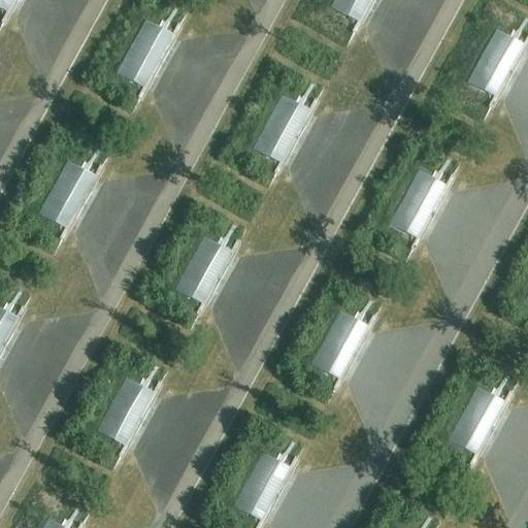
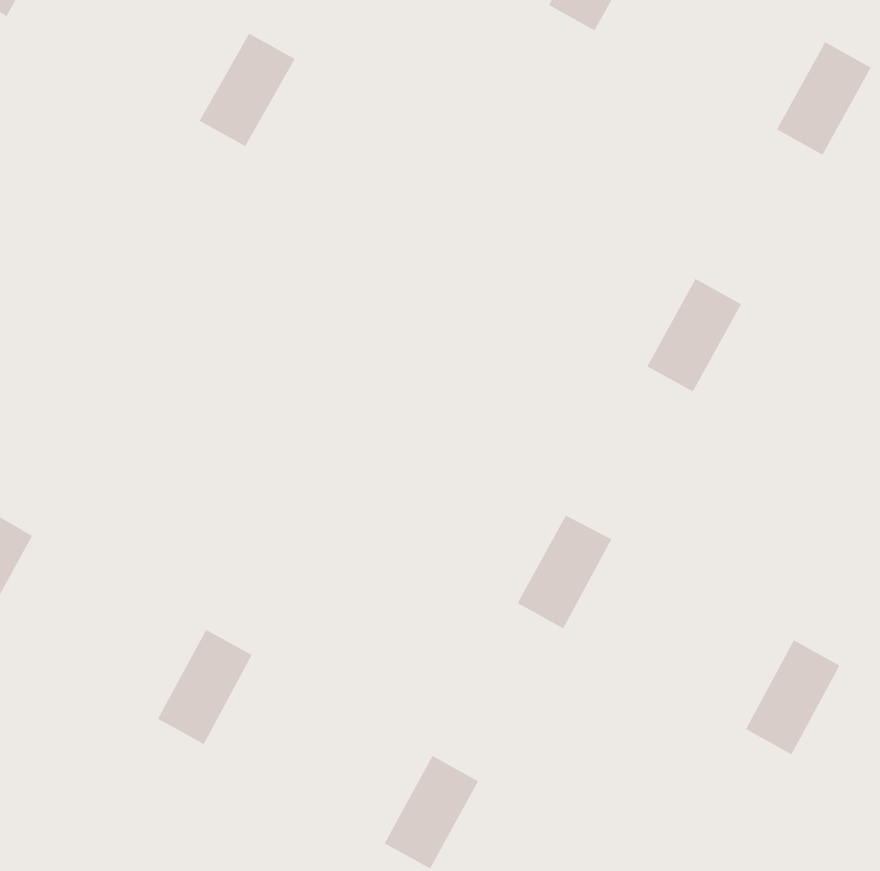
building: [250,92,306,160] -> none
building: [41,161,99,229] -> none
building: [172,232,229,301] -> none

